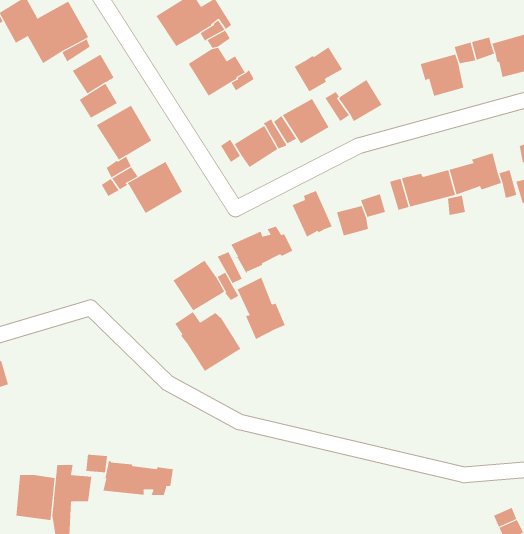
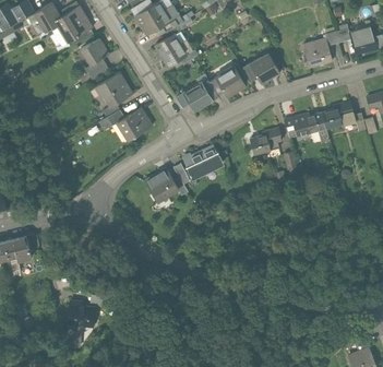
building: [294,47,343,92] -> none
building: [292,190,332,238] -> none
building: [237,277,285,340] -> none
building: [174,311,241,372] -> none
building: [103,460,174,496] -> none
building: [16,474,55,521] -> none

